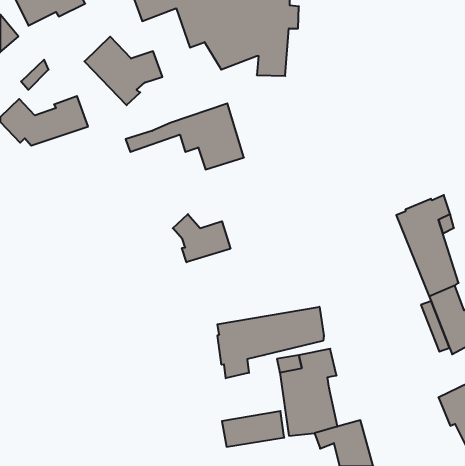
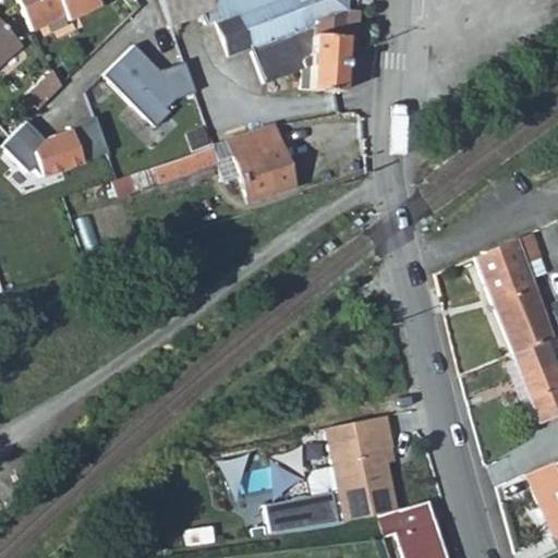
building: [173,214,230,262] -> none
building: [217,307,324,378] -> none

